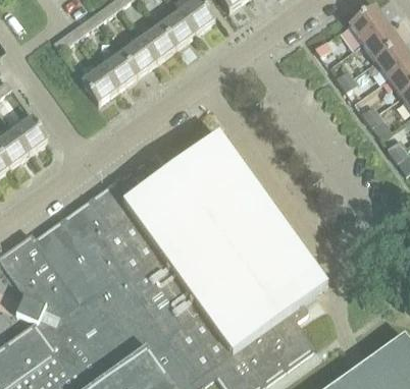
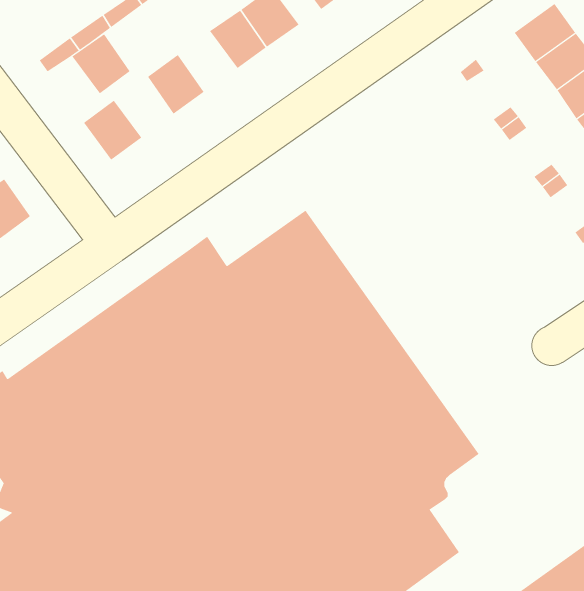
building: [140,21,176,59] -> none
building: [100,50,137,88] -> [72,34,131,94]

